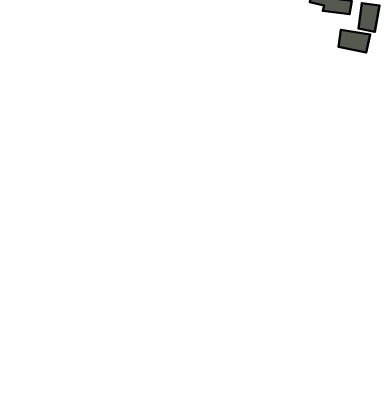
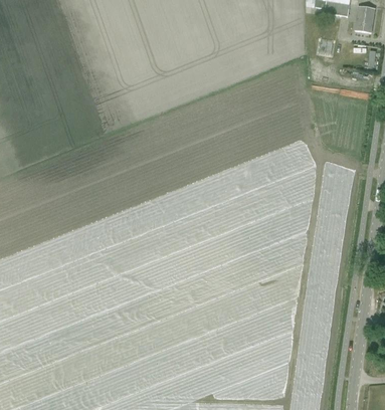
building: [339,30,370,52] -> none

